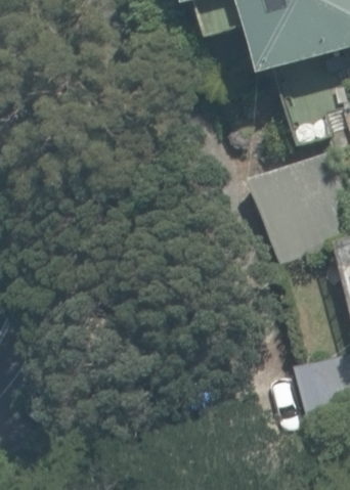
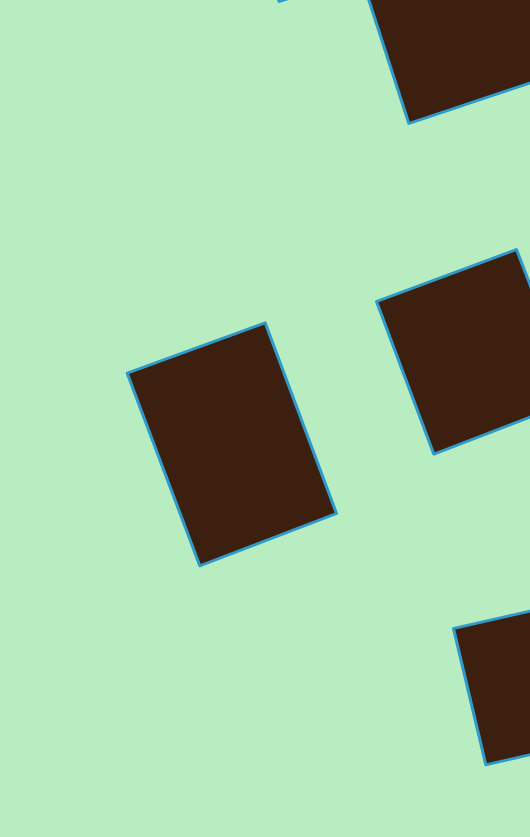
building: none -> [127,323,336,566]

